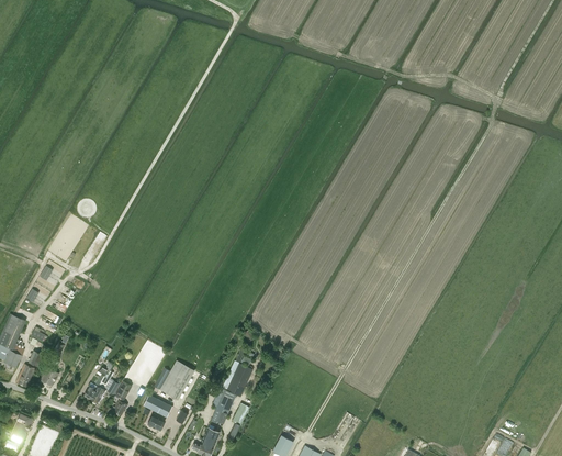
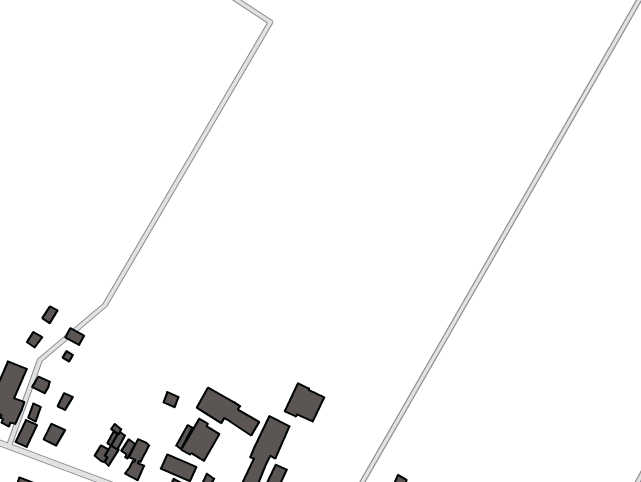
building: none -> [285,383,324,422]
building: none -> [197,388,259,435]

